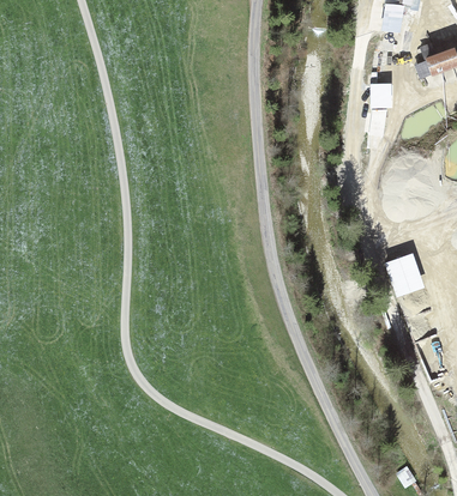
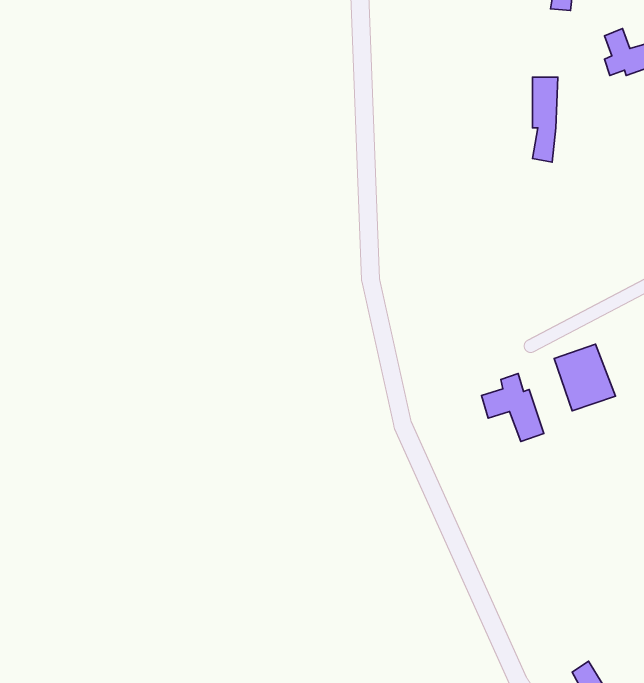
building: none -> [482,374,544,441]

